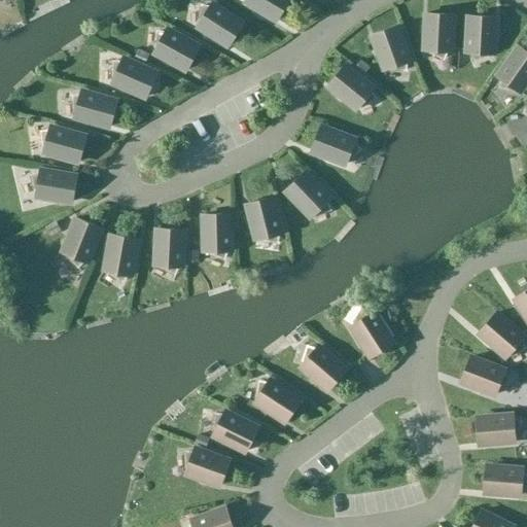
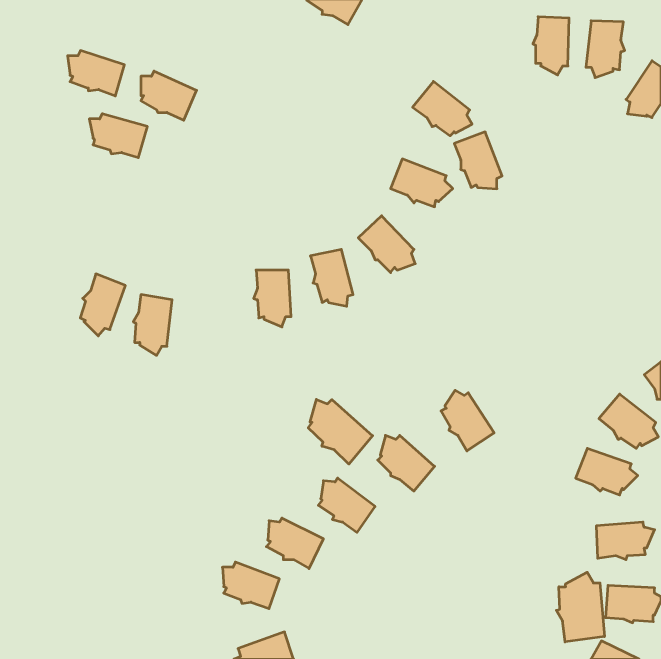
building: [197,4,242,45] -> none
building: [373,26,411,71] -> [454,132,502,189]
building: [153,29,199,70] -> none
building: [40,126,85,162] -> [68,51,124,96]
building: [30,170,76,202] -> none
building: [154,229,183,275] -> none
building: none -> [308,399,373,464]
building: none -> [556,572,604,642]

